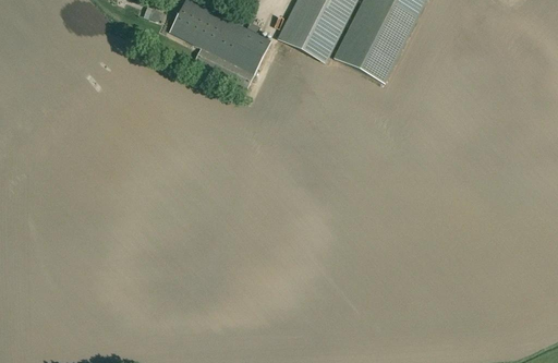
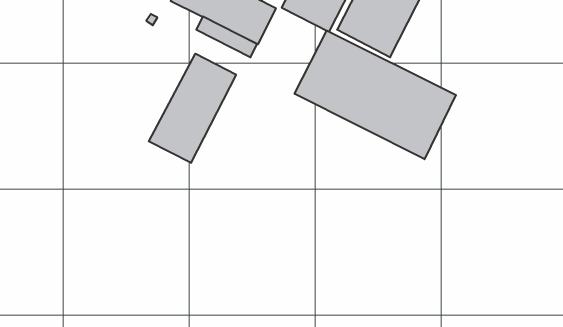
building: none -> [295,31,456,159]
building: none -> [149,54,236,163]

